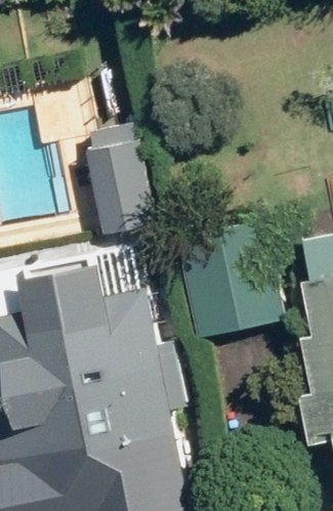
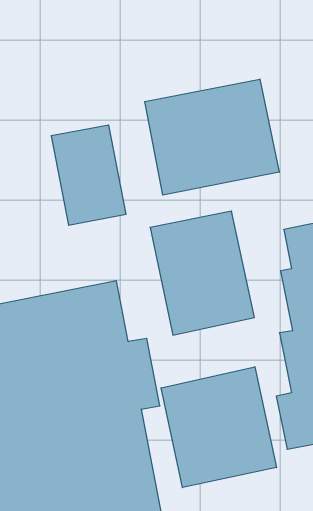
building: none -> [145,79,279,195]
building: none -> [161,367,276,488]

